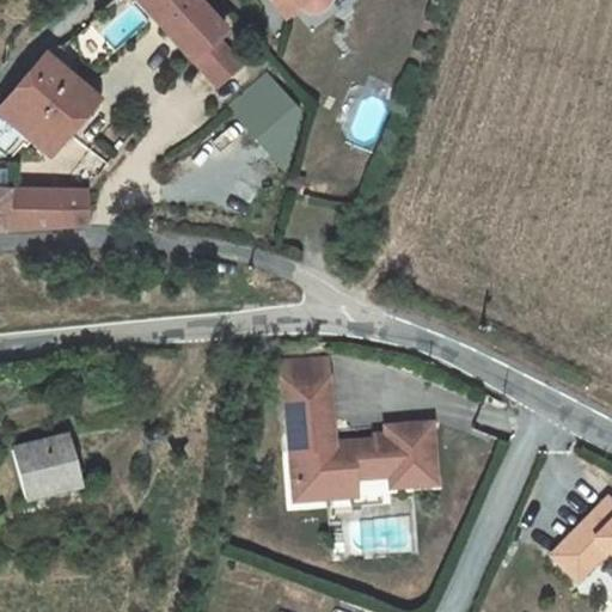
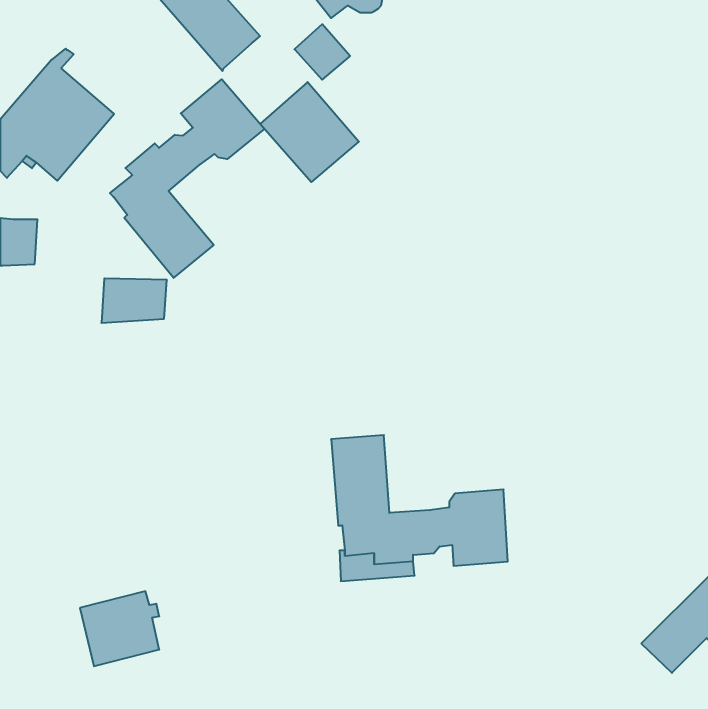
building: [195,37,243,85] -> [294,24,350,80]
building: none -> [110,79,264,278]
building: [32,189,88,227] -> [101,278,167,323]
building: [14,435,82,500] -> [80,591,159,666]

